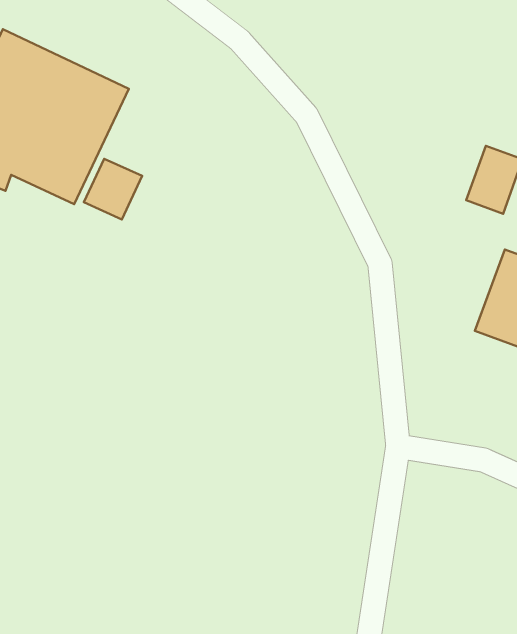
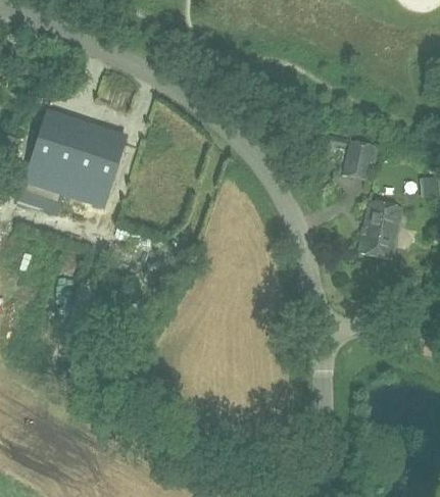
building: [84,159,142,219] -> none

